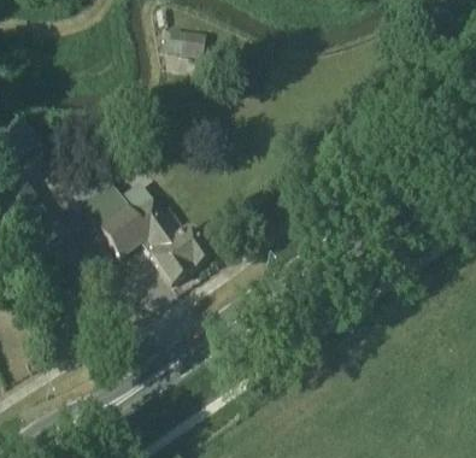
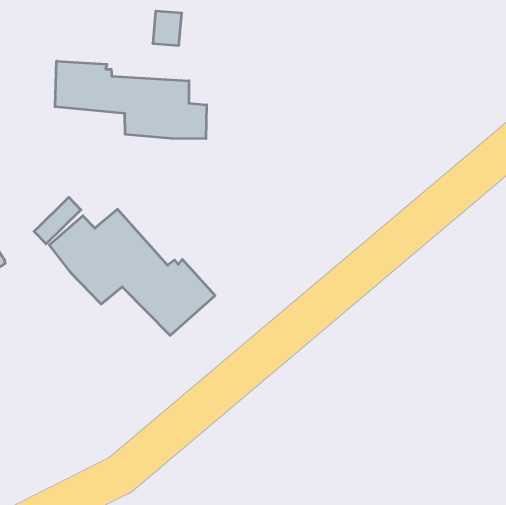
building: none -> [55,61,207,139]

